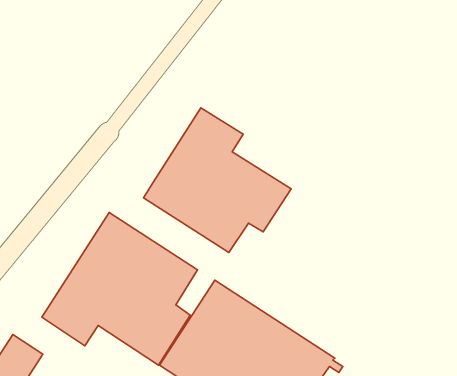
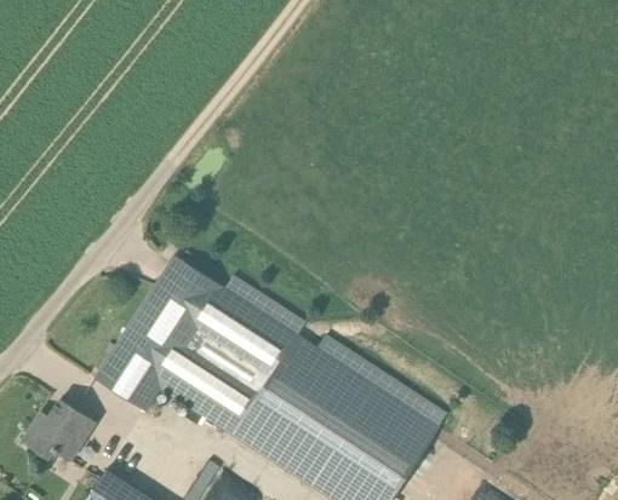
building: [143,108,291,252] -> none

